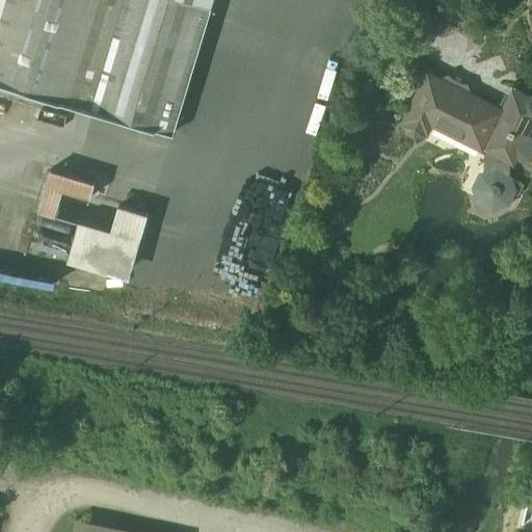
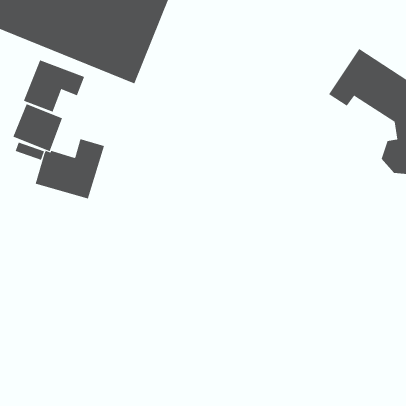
building: none -> [23,60,85,113]

